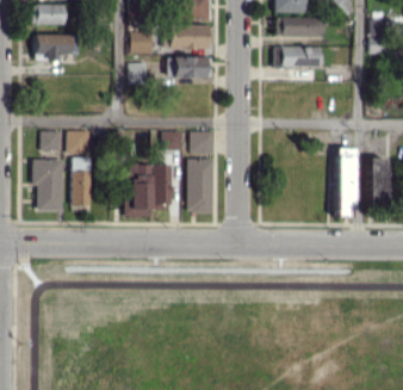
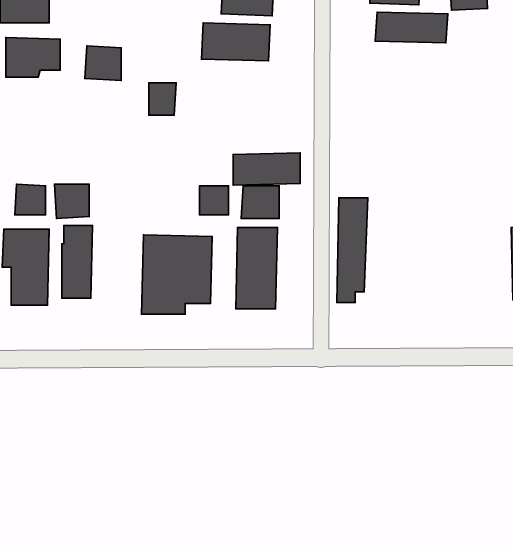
building: [129,31,153,54] -> [85,46,121,80]
building: [280,45,320,67] -> none
building: [167,56,211,78] -> [233,153,300,185]
building: [335,148,355,217] -> [337,198,368,303]

